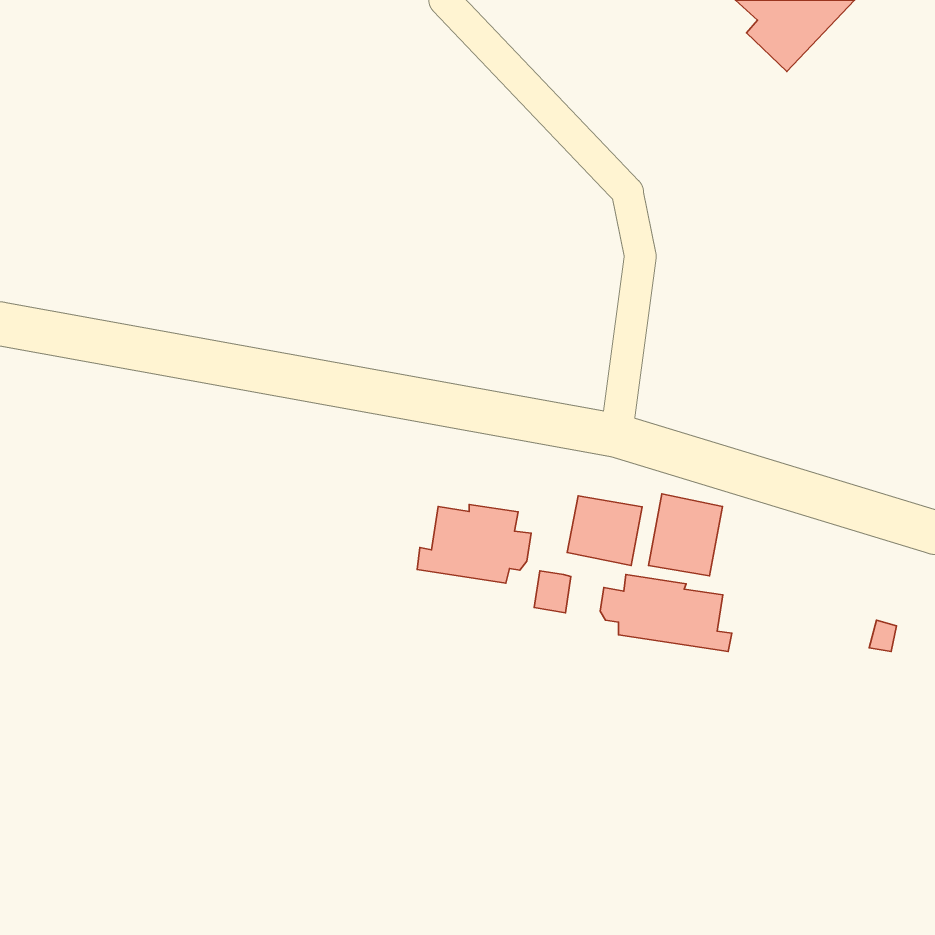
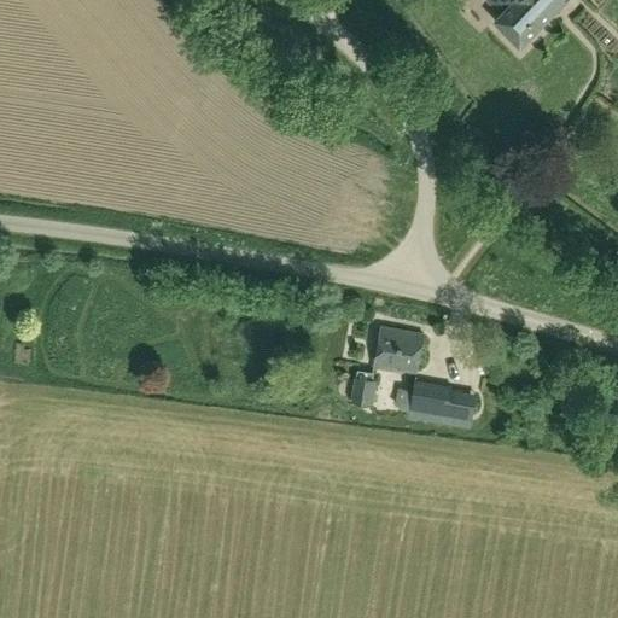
building: [648,494,722,576] -> none
building: [417,505,531,583] -> none

